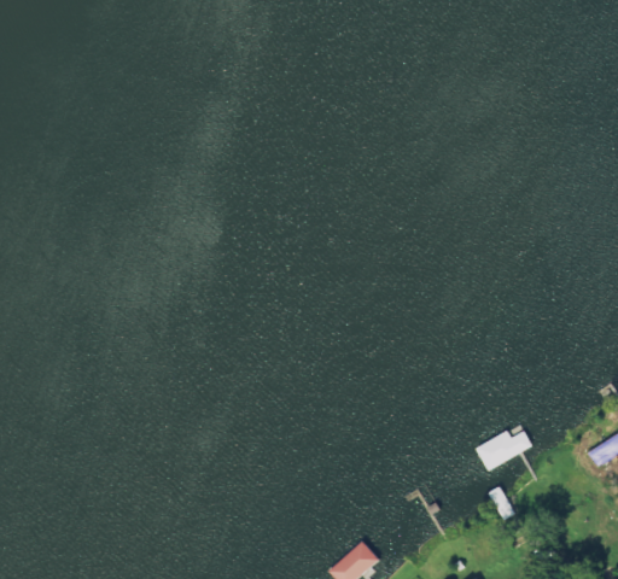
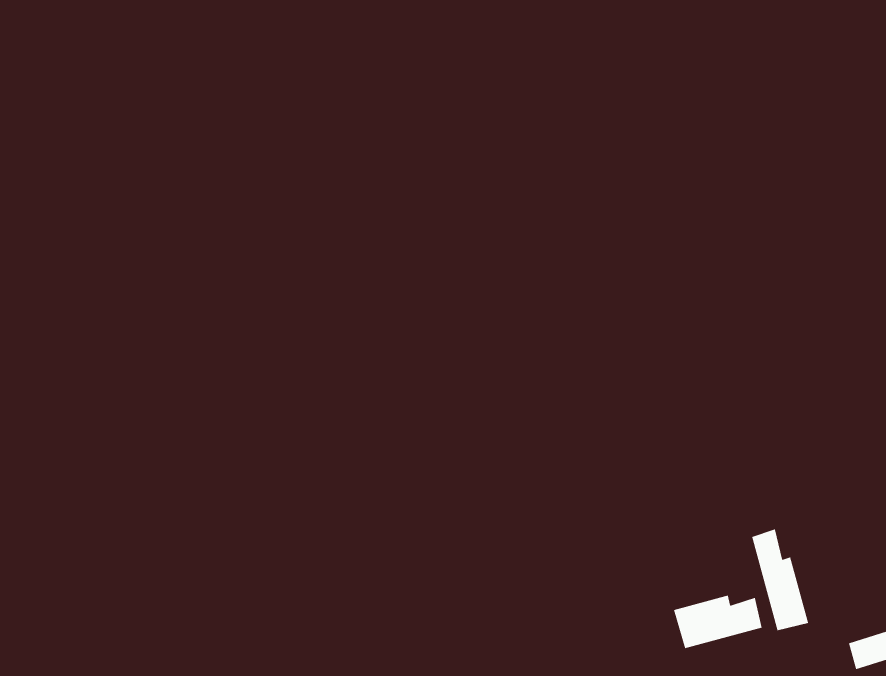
building: none -> [752,528,809,631]

